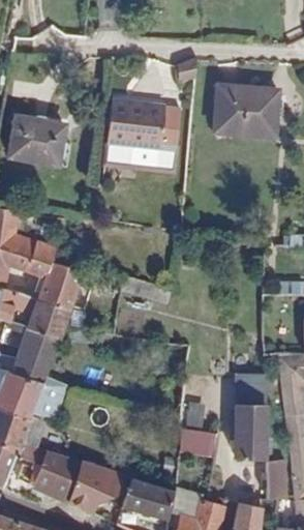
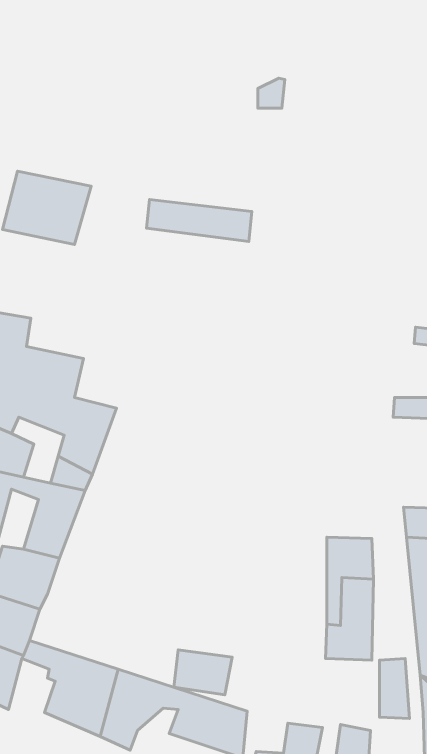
building: [216,82,278,132] -> none
building: [107,93,182,146] -> none
building: [177,424,217,455] -> [174,650,232,695]

